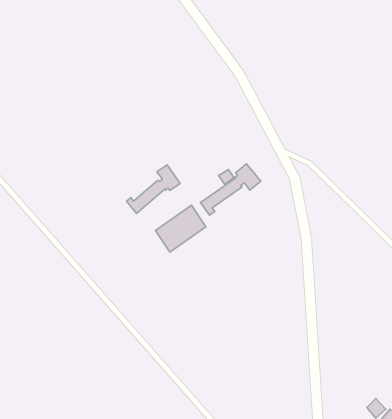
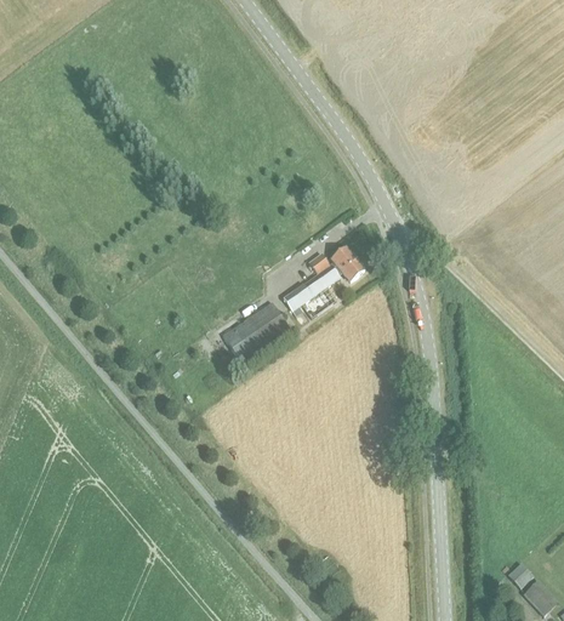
building: [127,165,180,214] -> none

